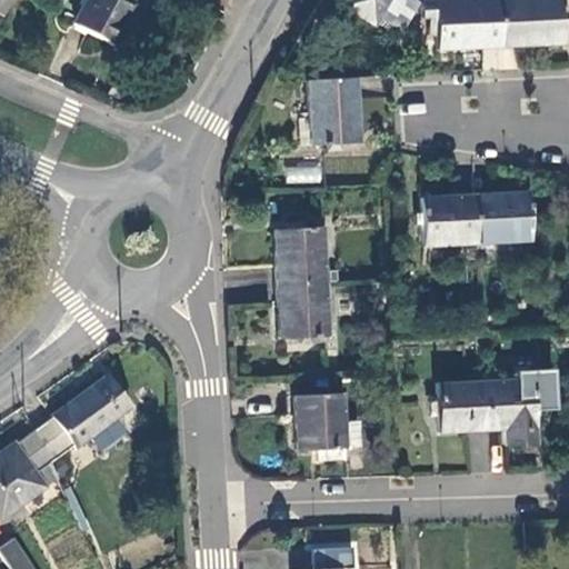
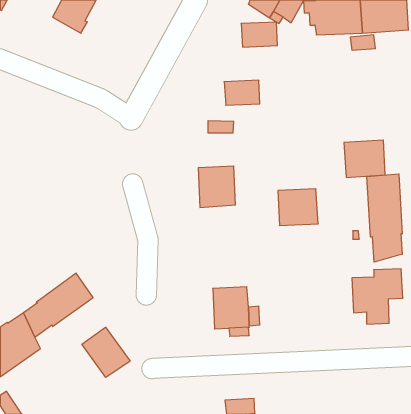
building: [309,78,359,112] -> [241,22,277,47]
building: [423,196,479,246] -> [278,189,318,225]
building: none -> [367,174,402,262]
building: [278,281,330,338] -> none
building: [438,381,489,431] -> none
building: none -> [82,327,130,377]

